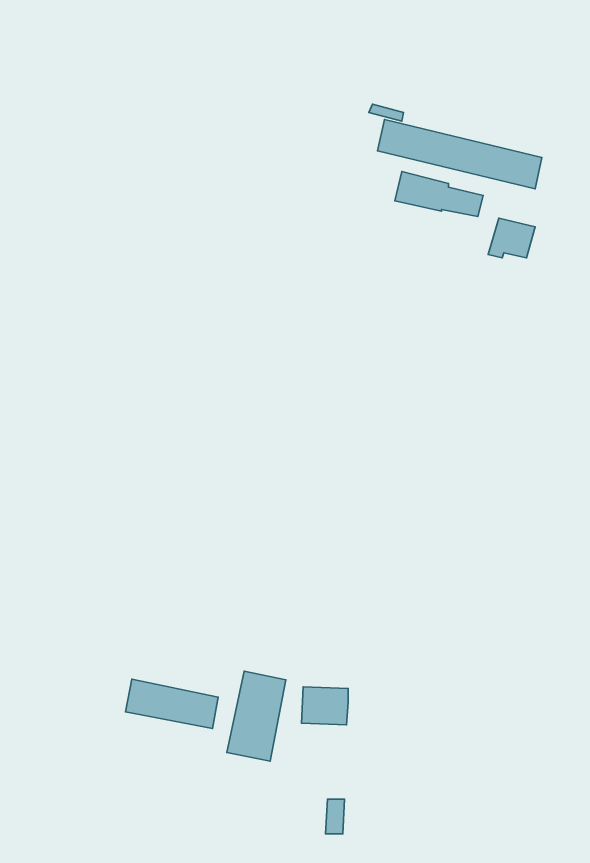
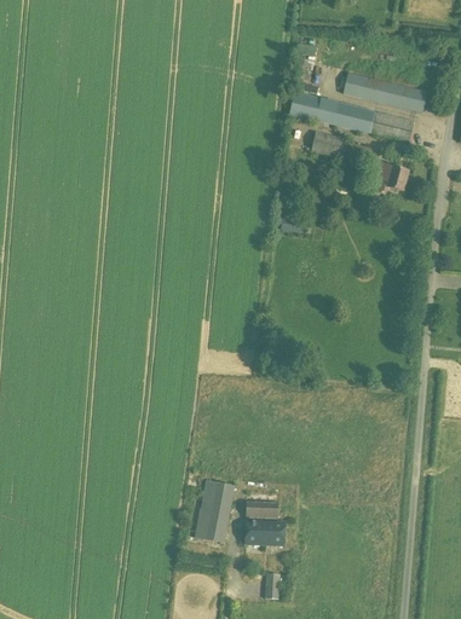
building: none -> [341,73,426,112]
building: [125,679,218,729] -> none
building: none -> [243,520,283,545]

